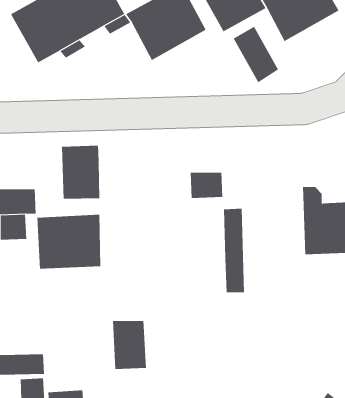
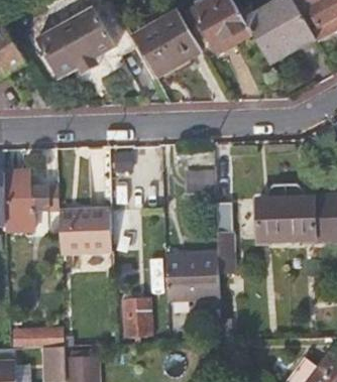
building: [233,26,279,83] -> none
building: [61,145,100,200] -> none
building: none -> [255,182,285,241]
building: none -> [164,243,219,304]

